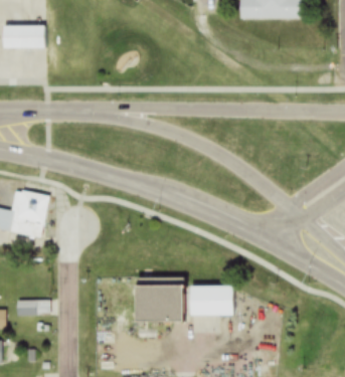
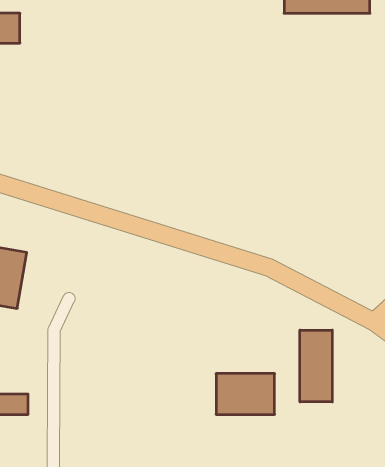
building: none -> [300,330,332,402]
building: [135,278,182,322] -> none

